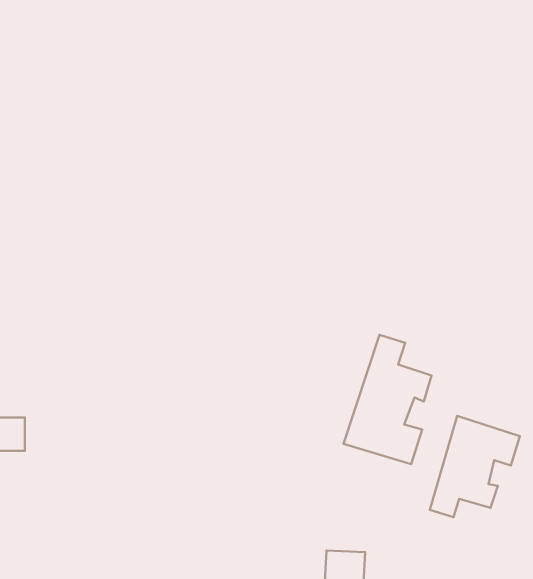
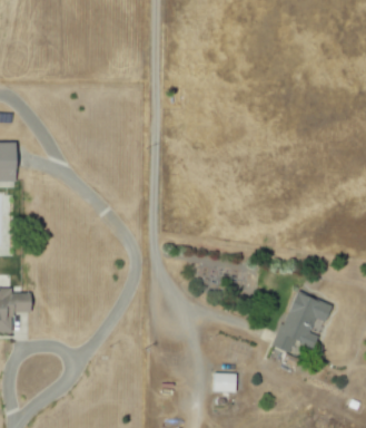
building: [344,335,431,464] -> none

